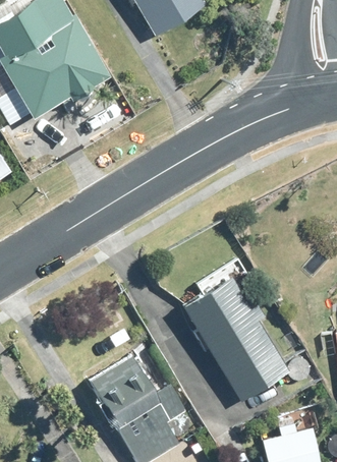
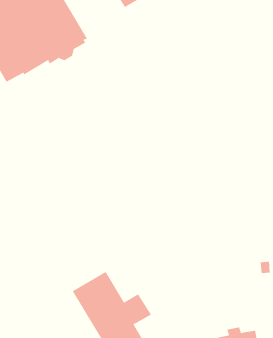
building: [182,276,290,401] -> none

